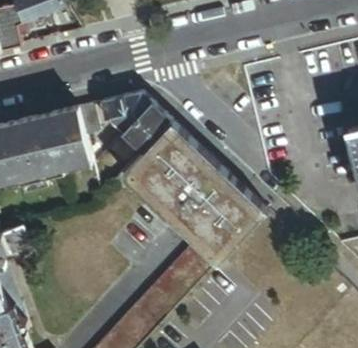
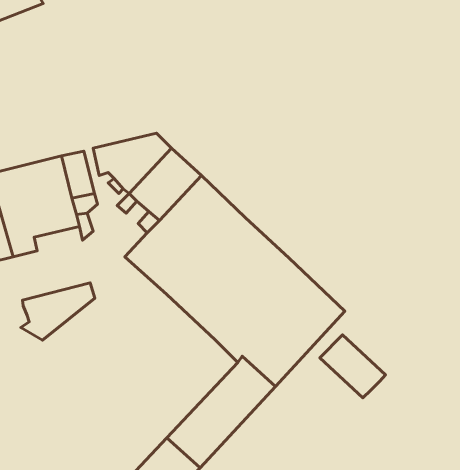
building: none -> [21,283,95,340]
building: none -> [320,335,385,398]

